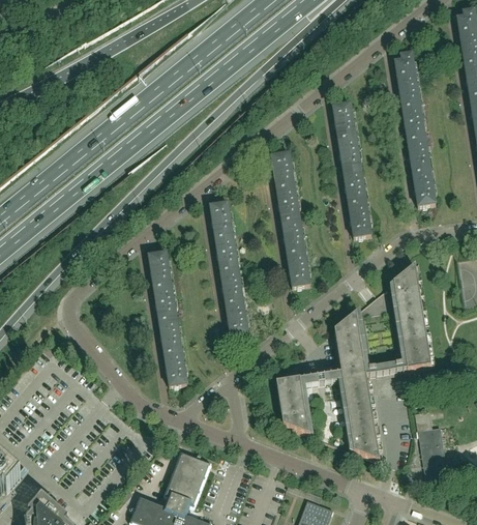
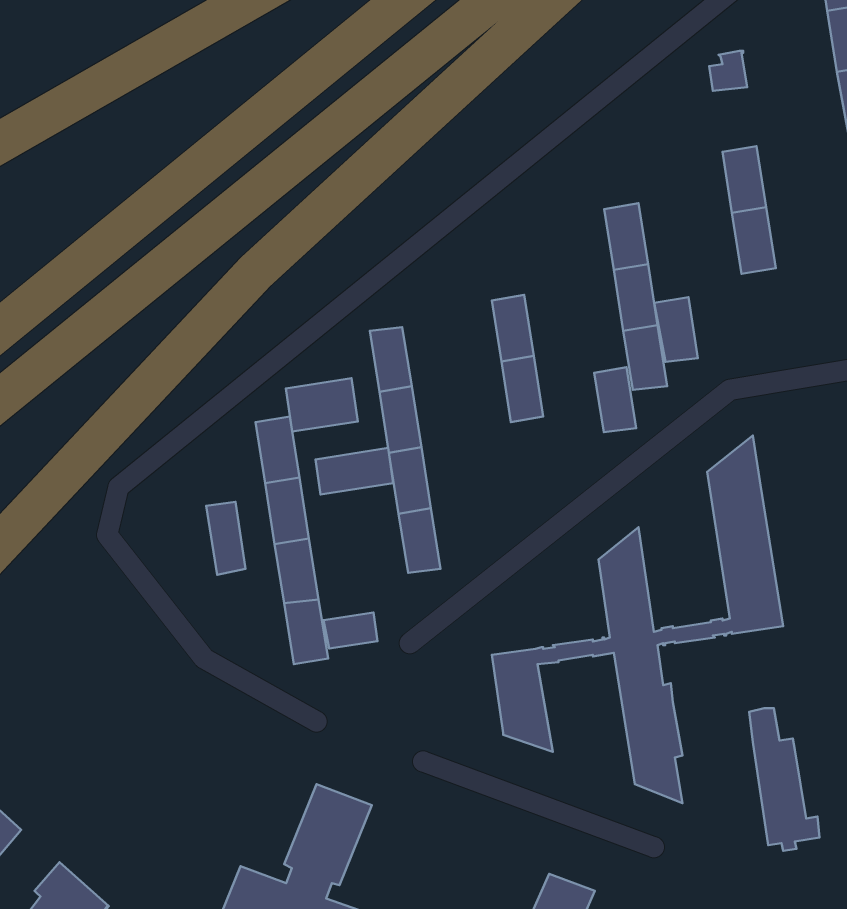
building: [396,71,420,107] -> none
building: [332,103,356,138] -> none
building: [271,152,294,187] -> none
building: [412,170,436,205] -> [654,297,698,362]
building: none -> [286,378,358,432]
building: [287,251,309,286] -> [594,367,636,432]
building: none -> [315,448,393,495]
building: none -> [206,502,246,575]
building: none -> [323,612,378,648]

